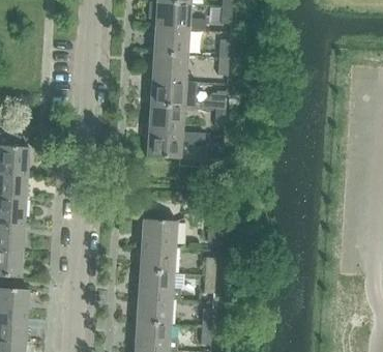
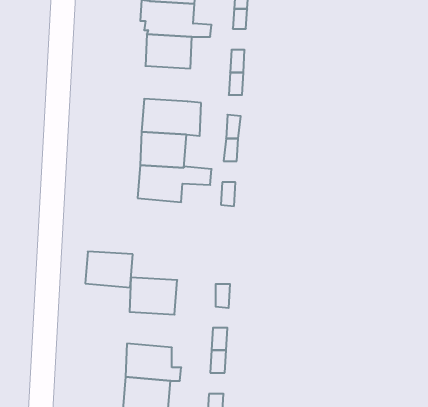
building: [152,52,188,80] -> none
building: [139,244,176,272] -> [85,252,133,287]

